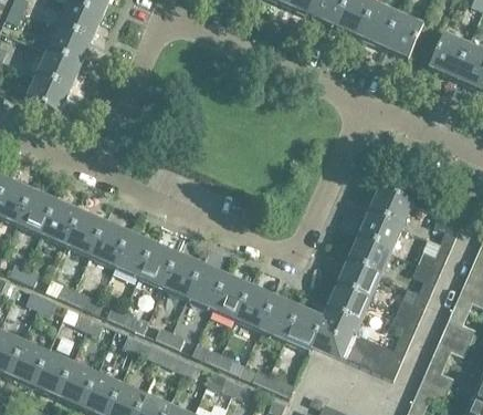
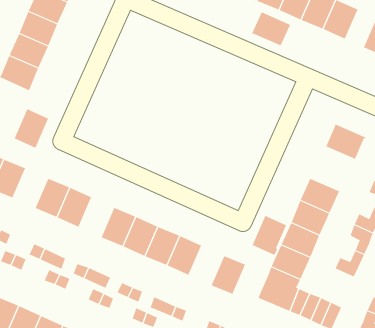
building: none -> [251,12,291,46]
building: [369,185,414,225] -> [326,124,367,160]
building: [41,199,80,243] -> [14,108,49,148]
building: [114,231,153,276] -> none
building: [235,284,274,329] -> none
building: [284,305,323,351] -> [252,215,287,256]
building: [391,310,419,353] -> none

